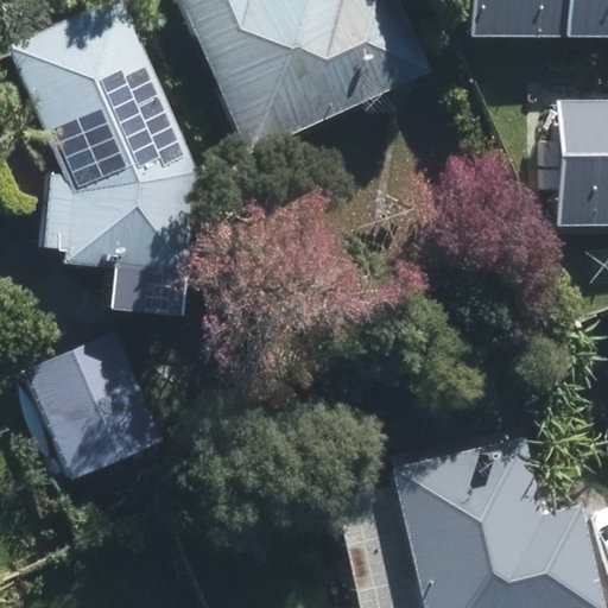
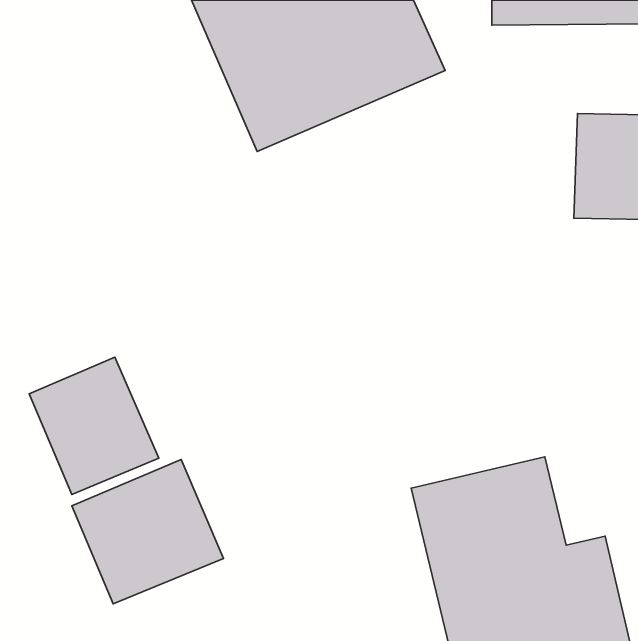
building: [18,12,192,262] -> none
building: none -> [72,459,224,604]

